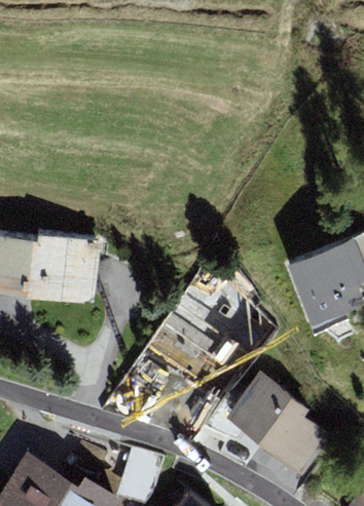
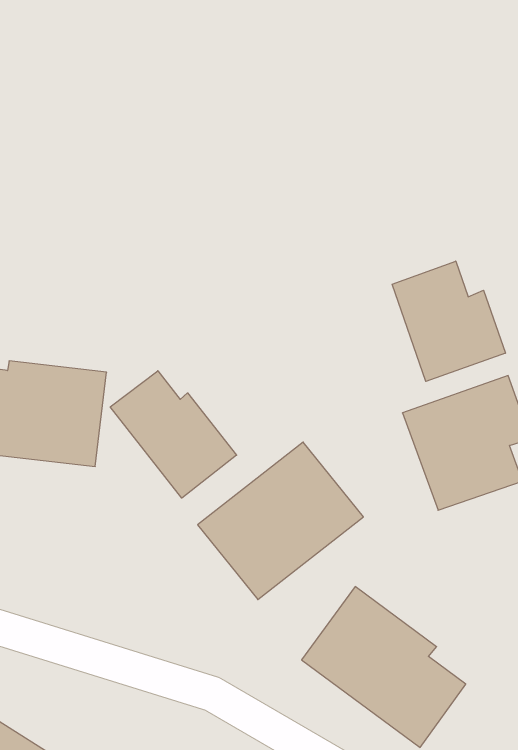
building: none -> [392,261,505,381]
building: none -> [110,371,237,498]

